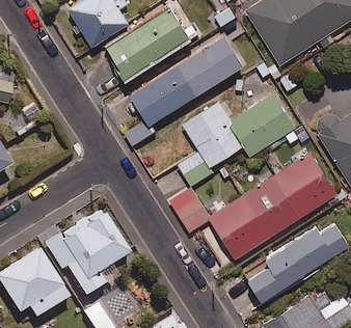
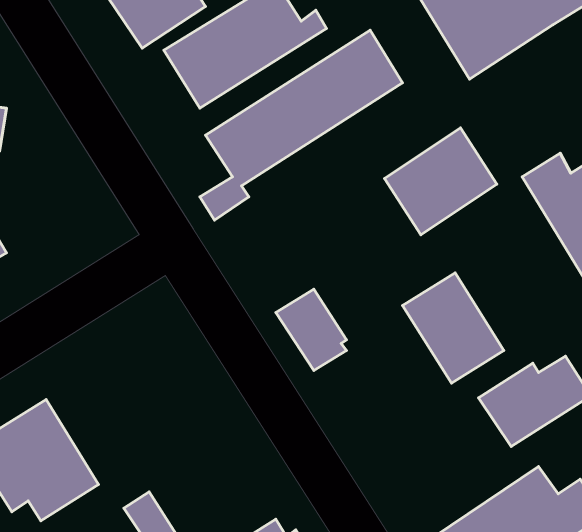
building: [180,102,243,185] -> none
building: [272,151,340,220] -> none
building: [207,194,270,261] -> none
building: [51,210,128,295] -> none
building: [248,247,304,302] -> none

